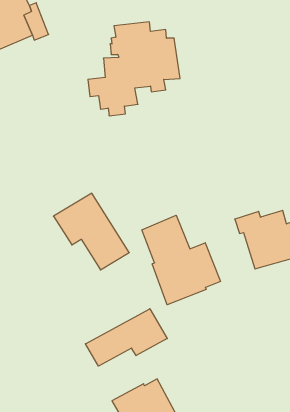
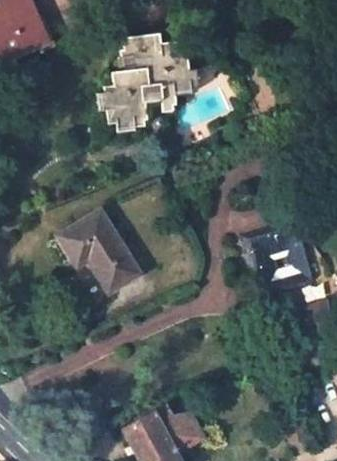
building: [142,215,221,305] -> none
building: [85,309,167,366] -> none

